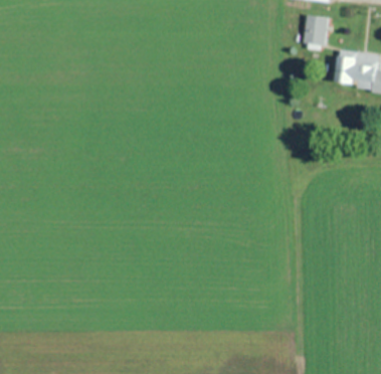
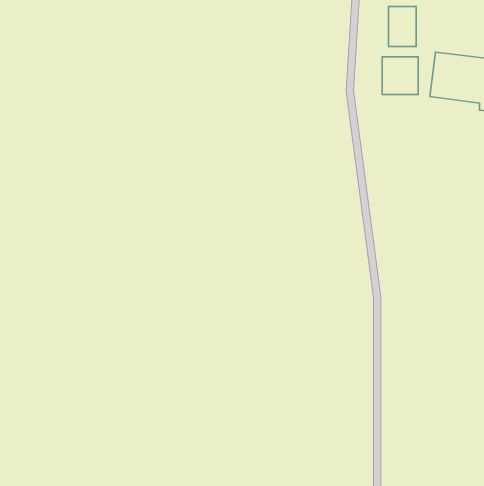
building: none -> [382,57,418,94]

